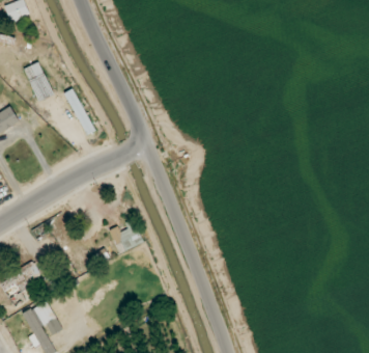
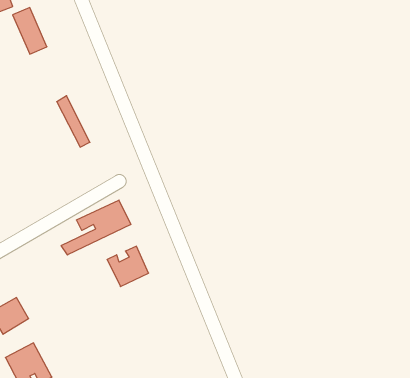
building: [24,62,53,102] -> [13,8,47,54]
building: none -> [61,200,131,255]

